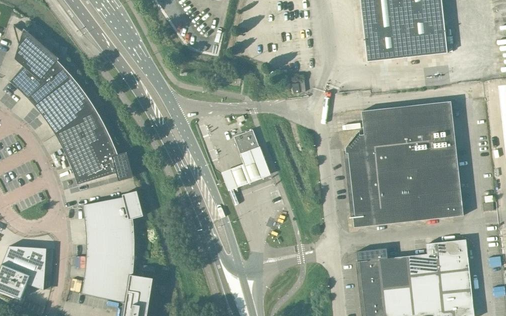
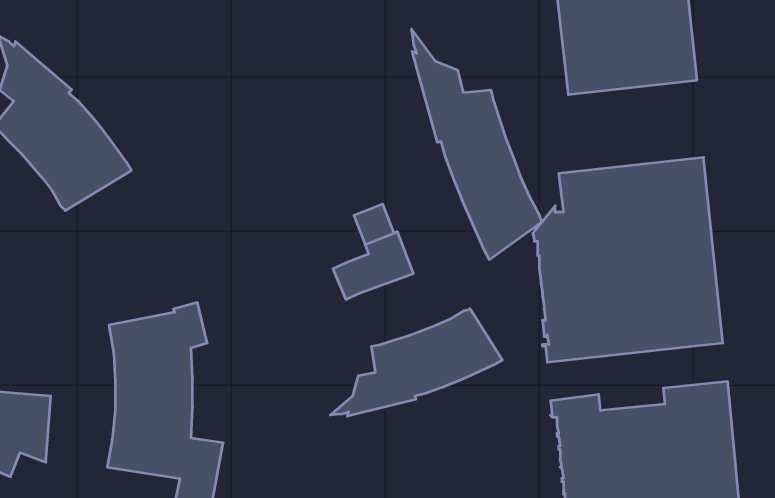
building: none -> [412,29,542,260]
building: [55,109,133,185] -> none
building: none -> [330,309,502,416]

